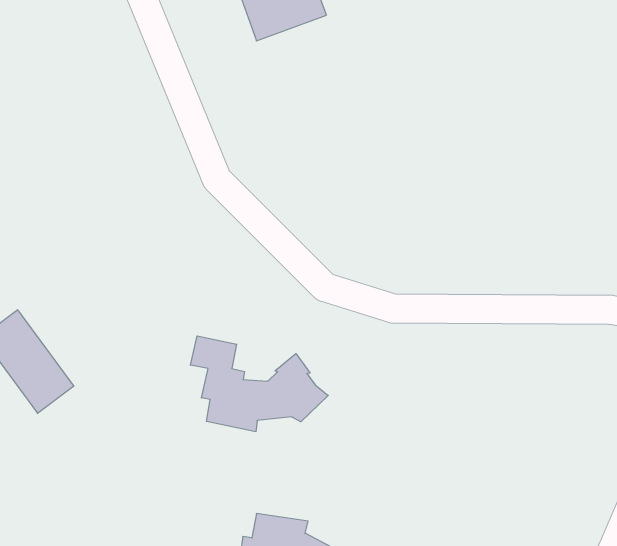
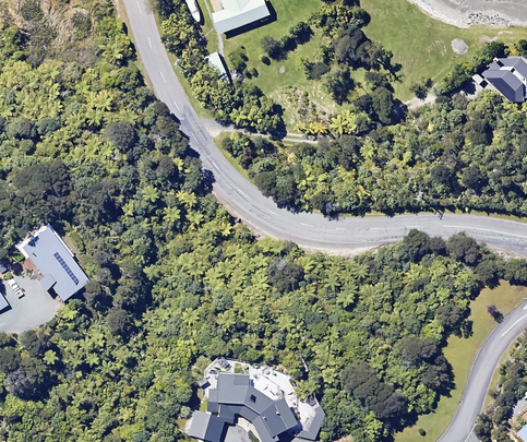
building: [190,336,328,432] -> none

